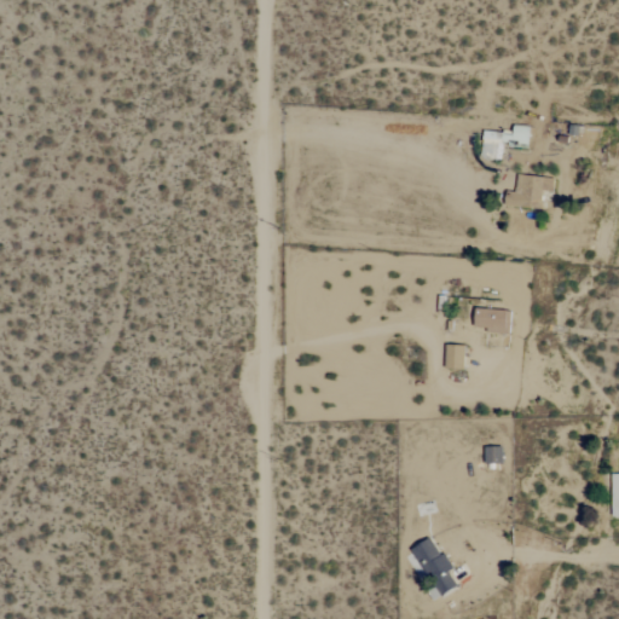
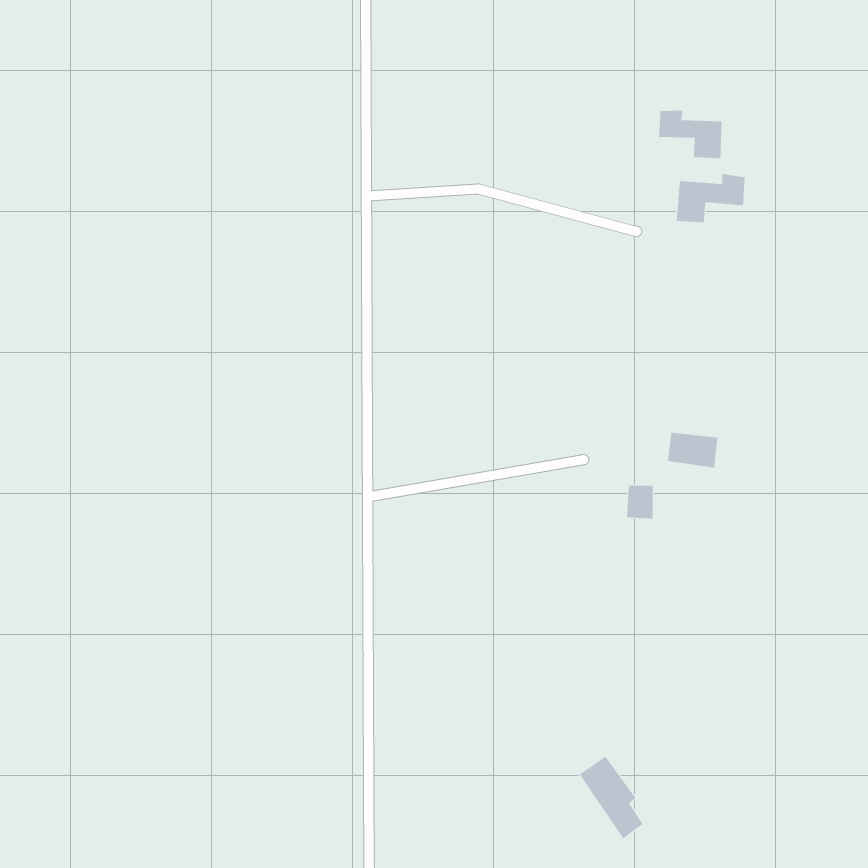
building: none -> [659,110,722,159]
building: [505,174,554,210] -> none

